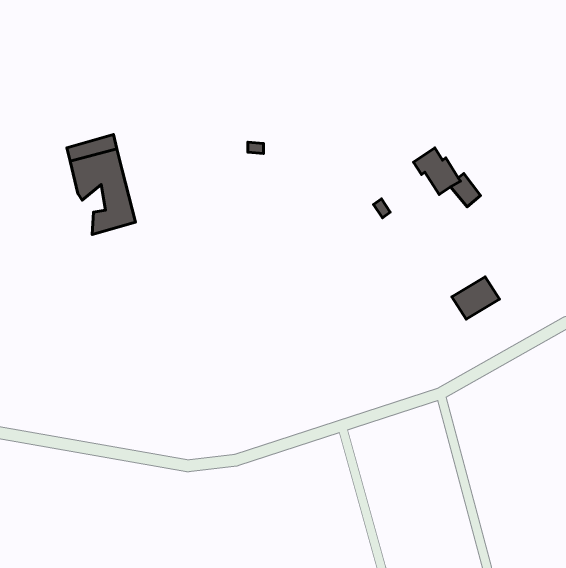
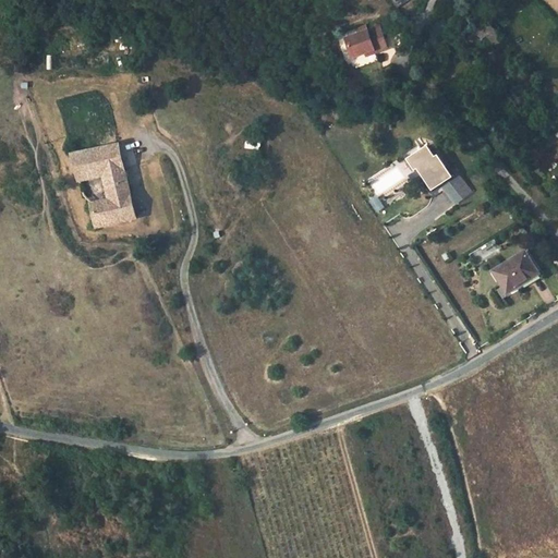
building: none -> [349,27,386,57]
building: [452,277,499,319] -> [492,252,538,293]

